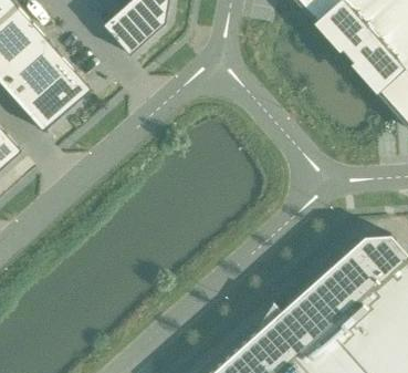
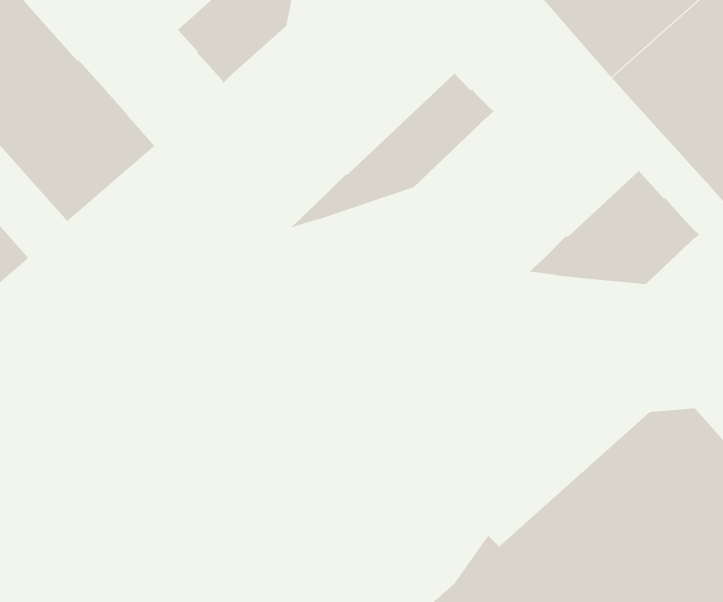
building: none -> [289,73,495,229]
building: none -> [529,170,700,285]

